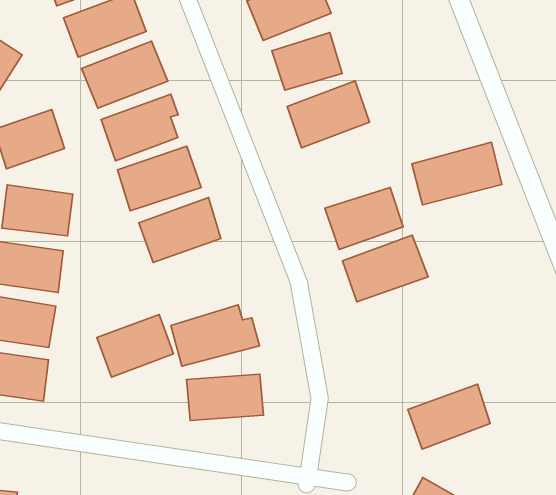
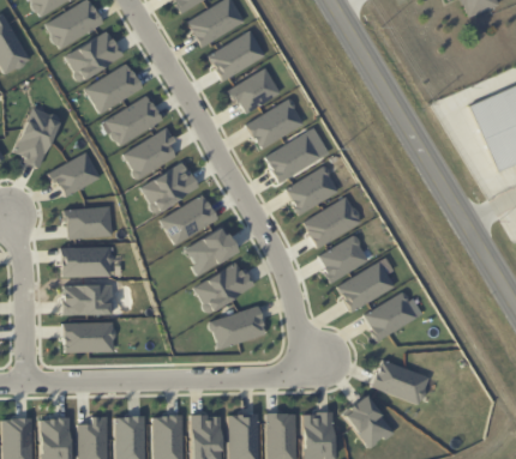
building: [412,142,502,205] -> [264,129,328,180]
building: none -> [317,236,368,280]
building: [97,314,174,377] -> [182,227,236,274]
building: none -> [336,264,394,310]

